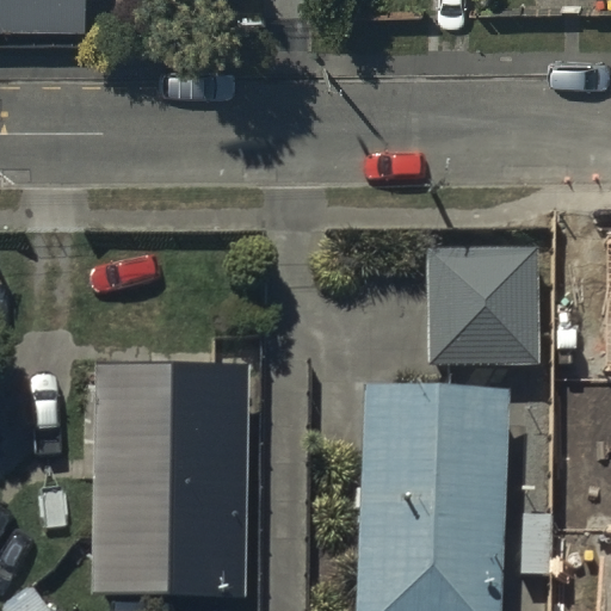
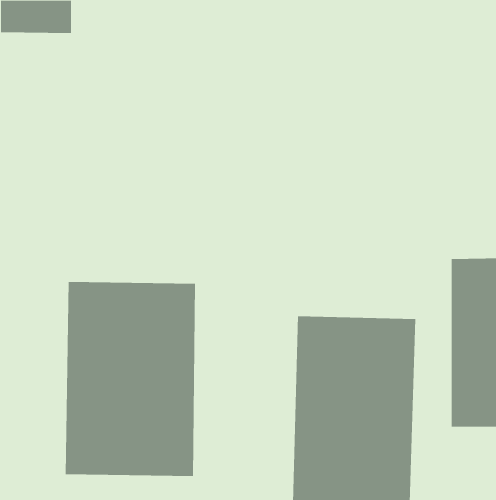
building: [432,248,539,363] -> none

